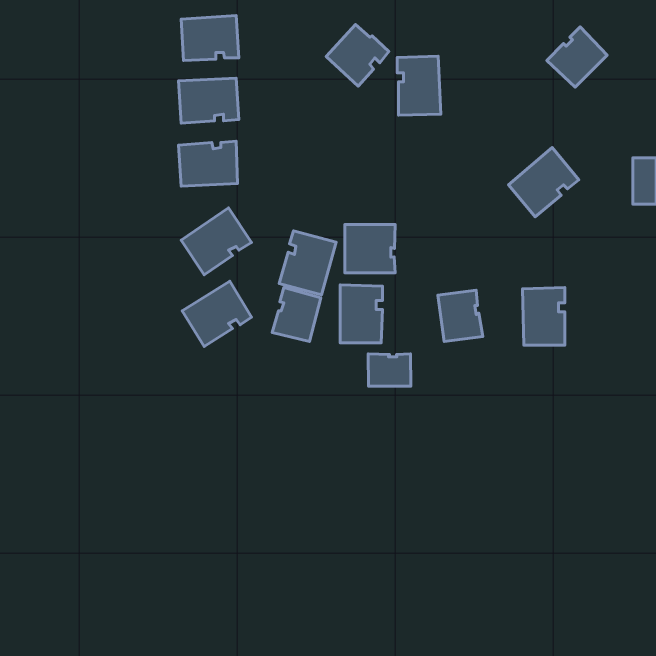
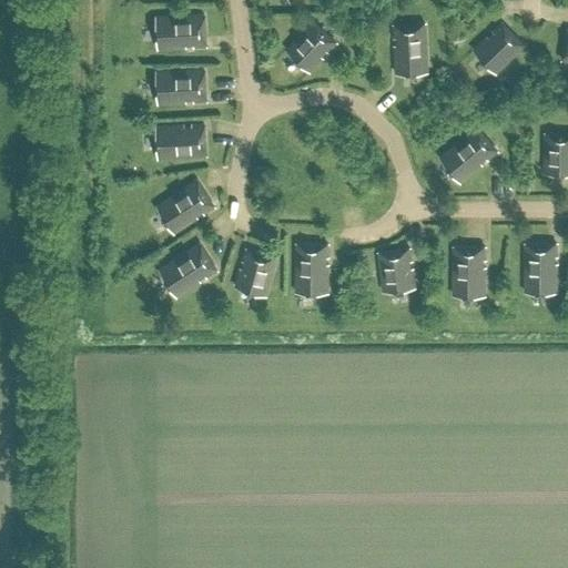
building: [397,56,441,115] -> [392,26,429,77]
building: [345,224,395,273] -> none
building: [279,231,336,295] -> none
building: none -> [524,246,559,295]
building: [368,354,411,386] -> none

